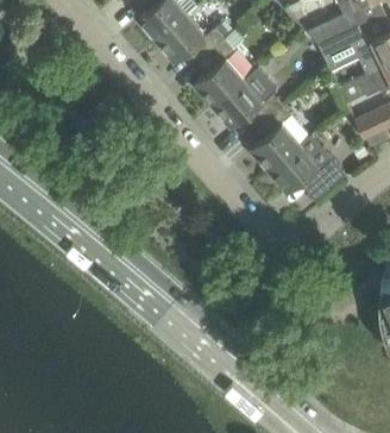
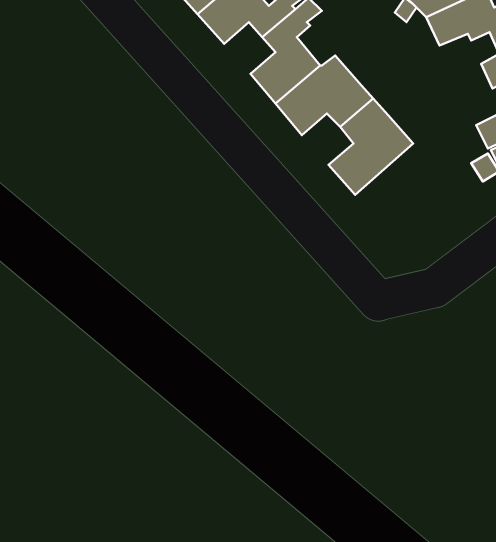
building: [269,134,347,200] -> none

